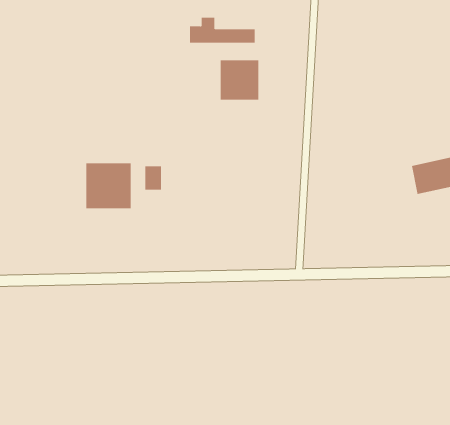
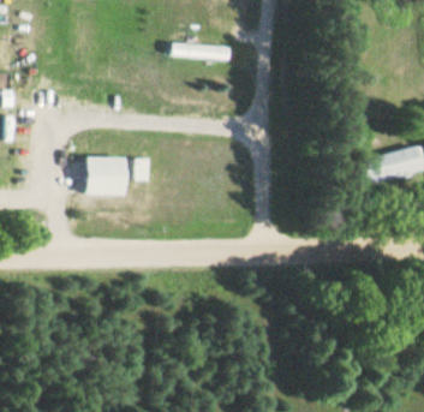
building: [220,59,259,101] -> none

